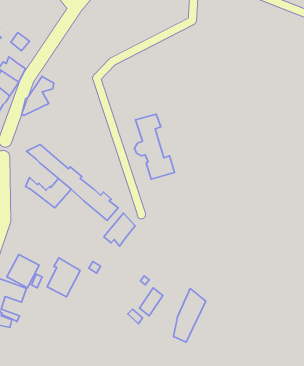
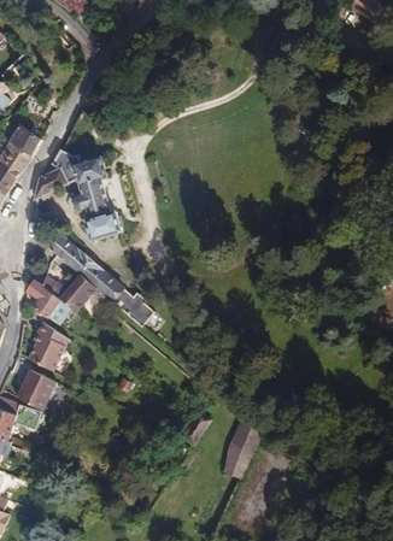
building: [135,114,175,179] -> [72,159,122,240]
building: none -> [25,282,71,325]
building: [104,213,135,246] -> none
building: [47,258,80,297] -> [28,322,69,370]

